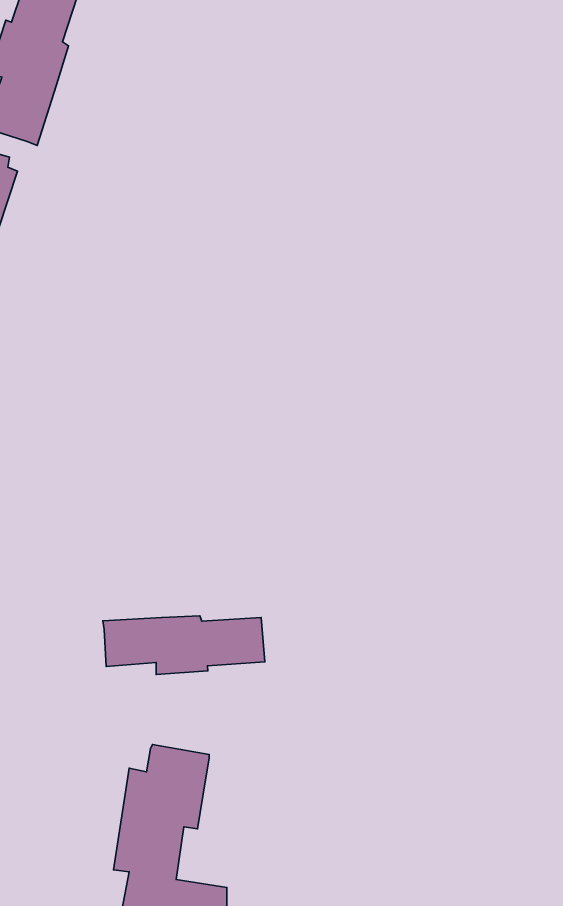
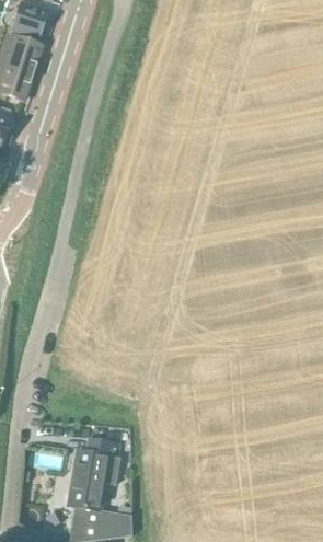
building: [103,616,265,674] -> none

